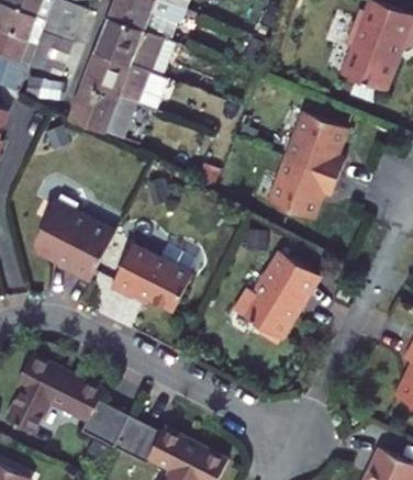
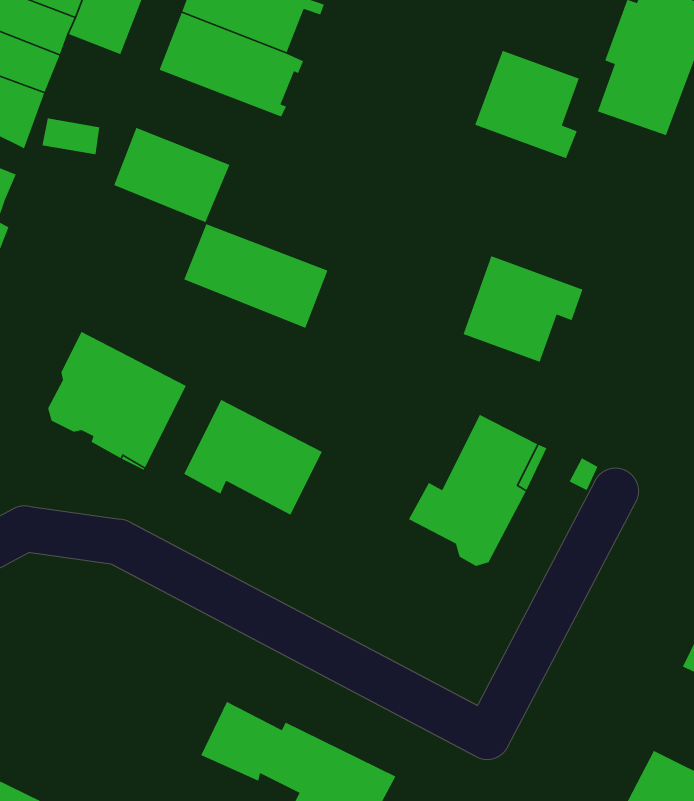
building: [27,30,72,76] -> none
building: [80,51,165,112] -> [183,223,329,329]
building: [287,114,348,178] -> [474,50,580,159]
building: [10,356,133,449] -> none

